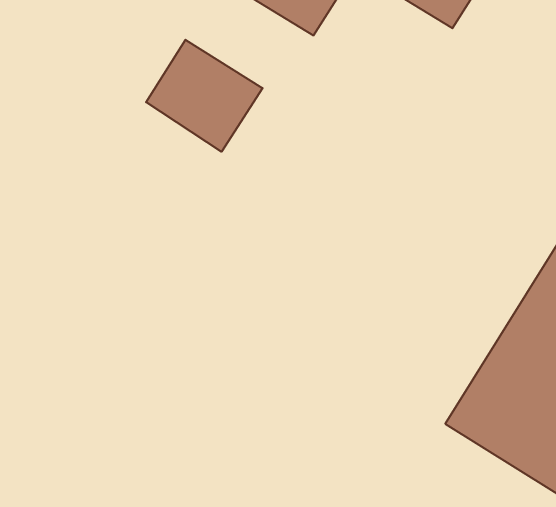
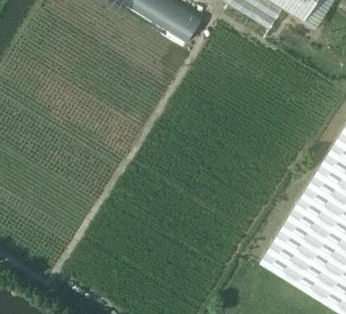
building: [146,40,263,152] -> none

